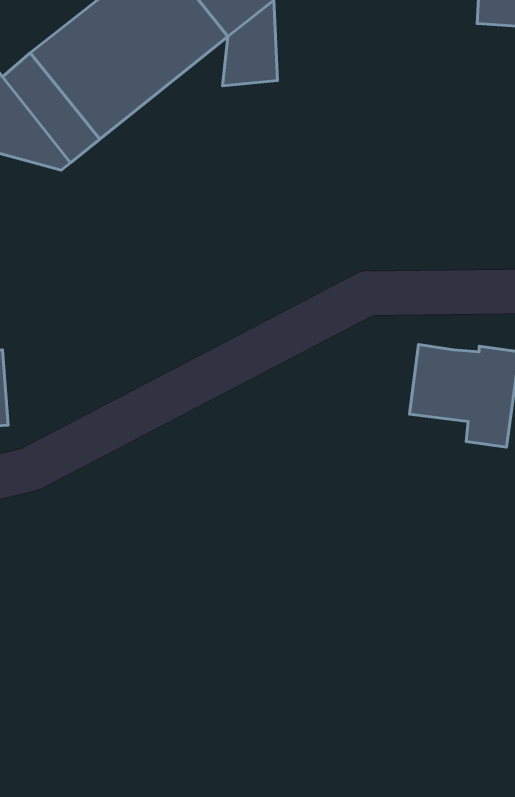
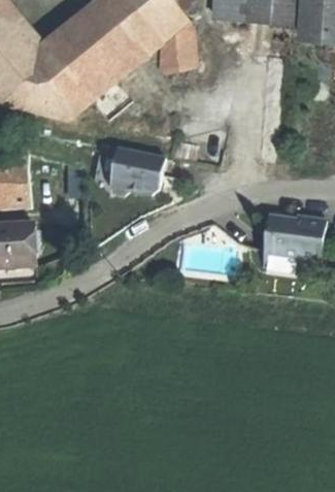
building: none -> [110,146,164,194]

